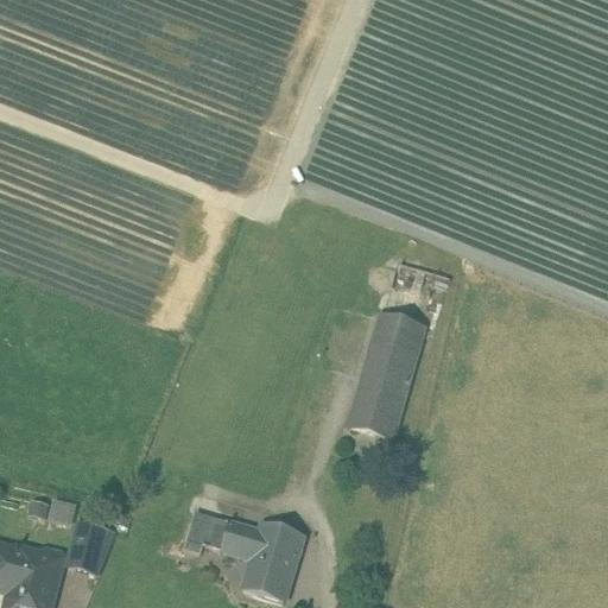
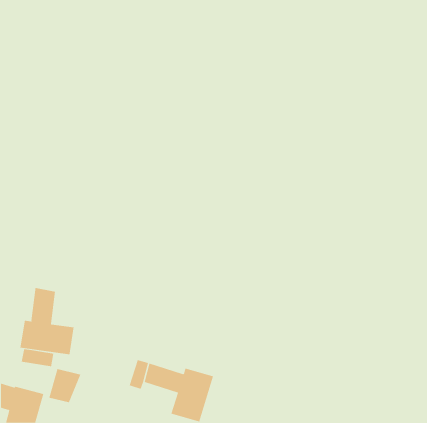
building: [352,315,422,436] -> none
building: none -> [20,287,74,355]

